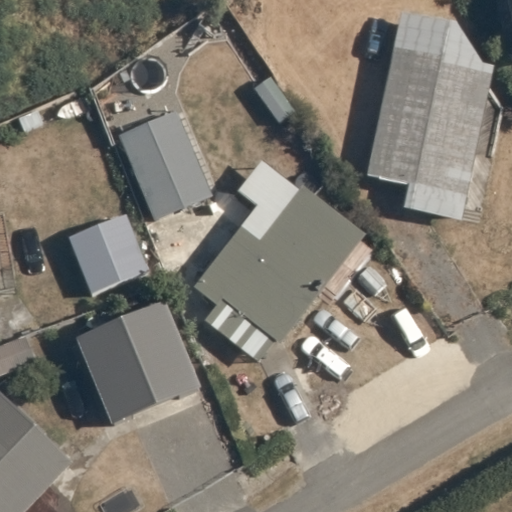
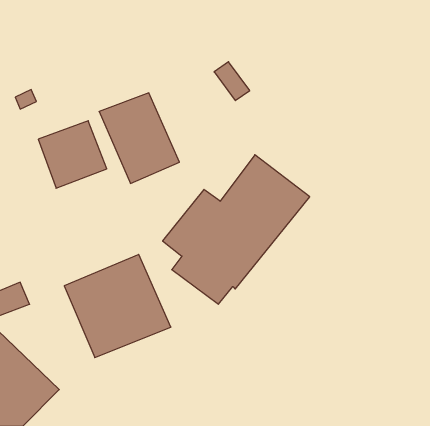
building: [366,11,493,220] -> none
building: [68,212,149,292] -> [38,121,107,188]

